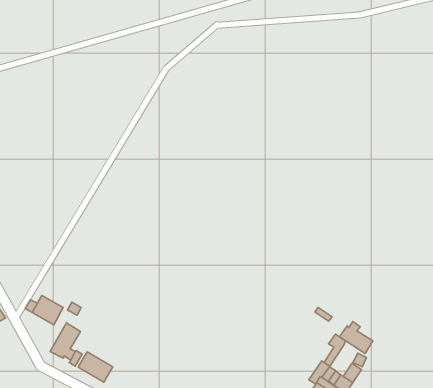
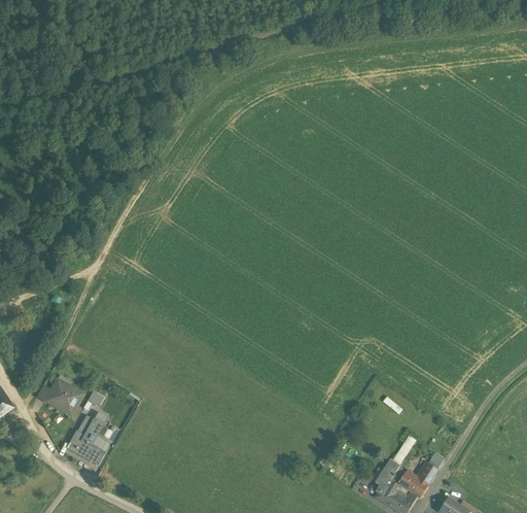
building: [339,321,373,354] -> none
building: [78,352,113,382] -> none

